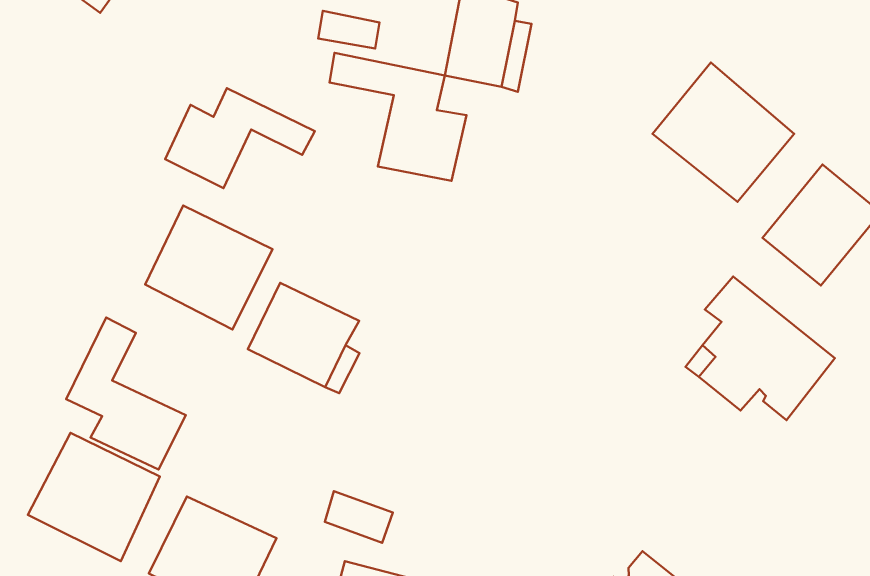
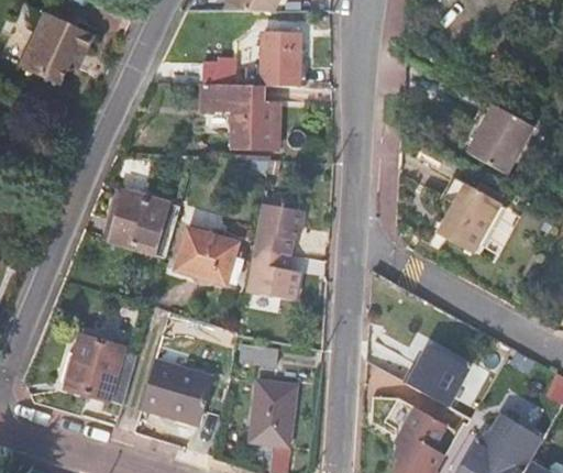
building: [653,63,794,202] -> none
building: [165,88,315,188] -> none
building: none -> [245,204,306,302]
building: [66,317,186,469] -> none

